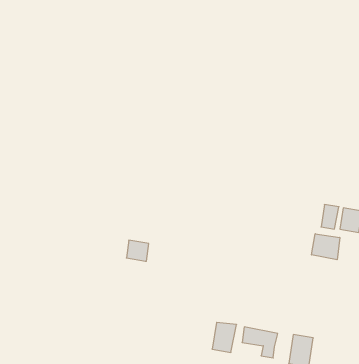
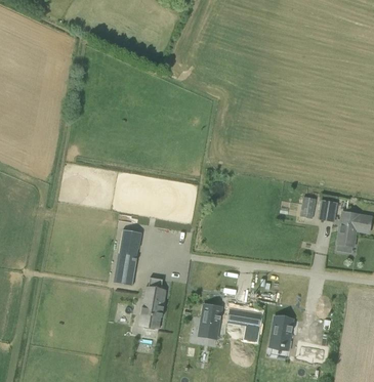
building: [312,234,340,260] -> none
building: none -> [114,252,137,285]
building: none -> [143,288,162,329]

